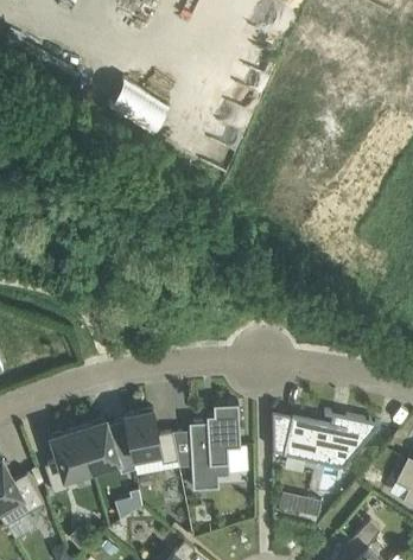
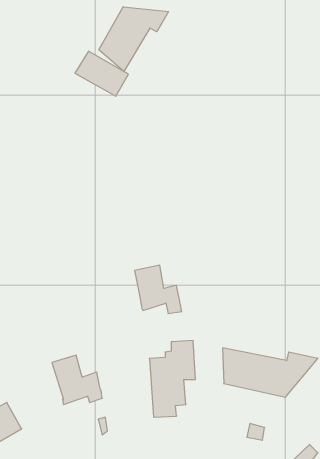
building: none -> [99,7,169,72]
building: [125,411,178,465] -> [135,265,182,314]
building: [45,429,91,496] -> none

